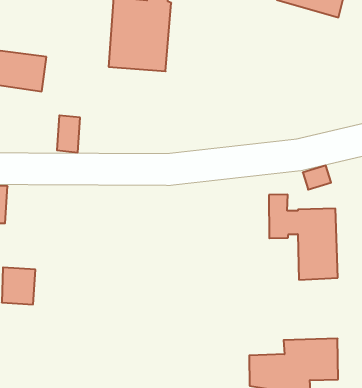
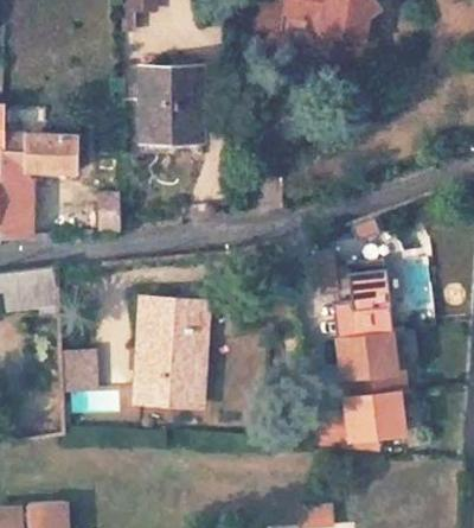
building: none -> [135,303,205,409]
building: none -> [339,331,409,399]

